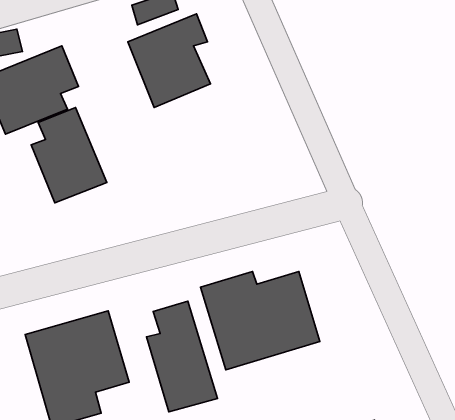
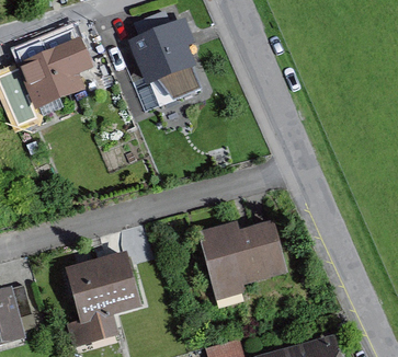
building: [31,107,107,203] -> none
building: [146,301,217,412] -> none

